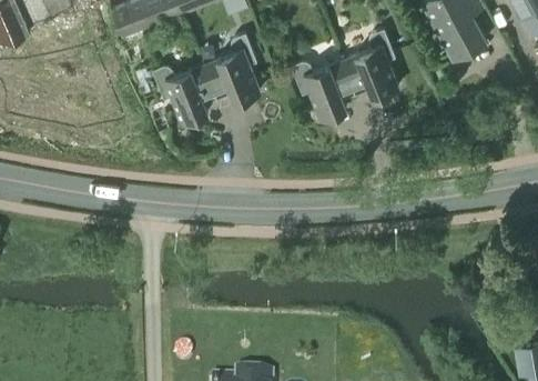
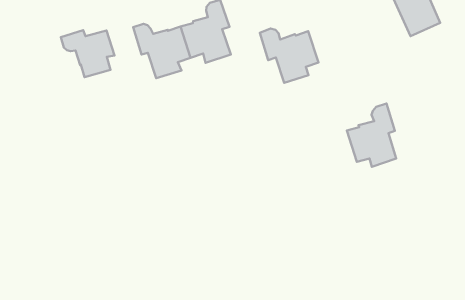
building: [343,28,398,98] -> [347,103,396,167]
building: none -> [61,30,114,77]

